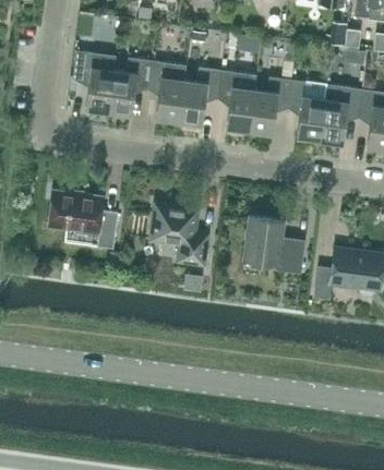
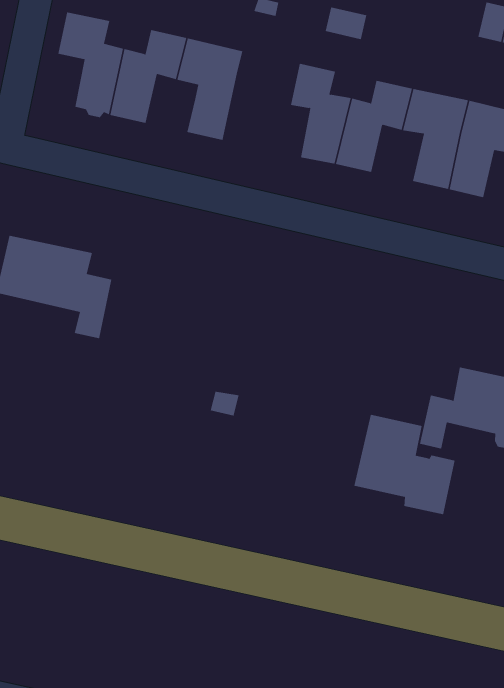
building: [179,68,221,124] -> none
building: [151,204,207,265] -> none
building: [244,217,305,275] -> [354,414,455,515]

